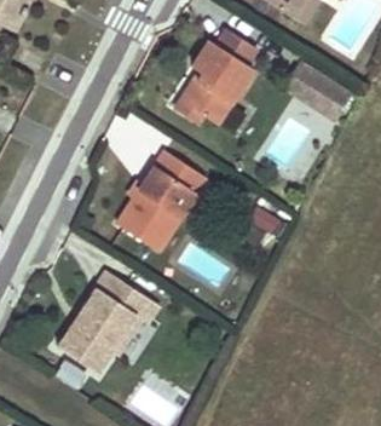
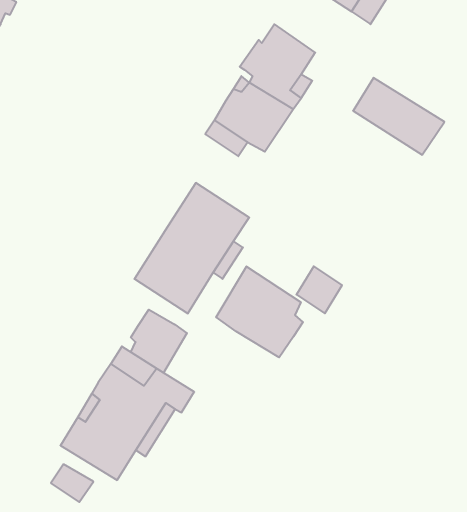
building: none -> [216,266,303,357]
building: none -> [131,310,187,373]

